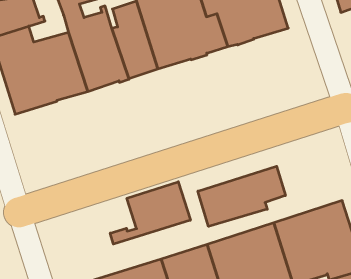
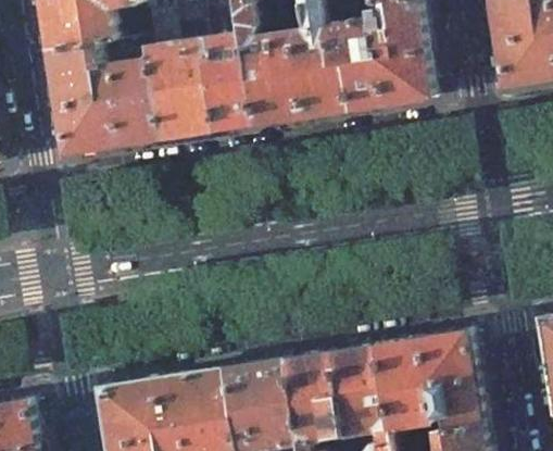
building: [198,166,285,226] -> none
building: [110,182,190,244] -> none

